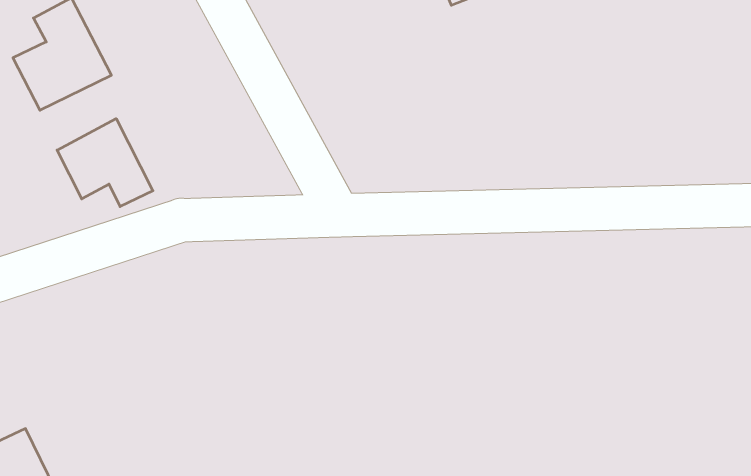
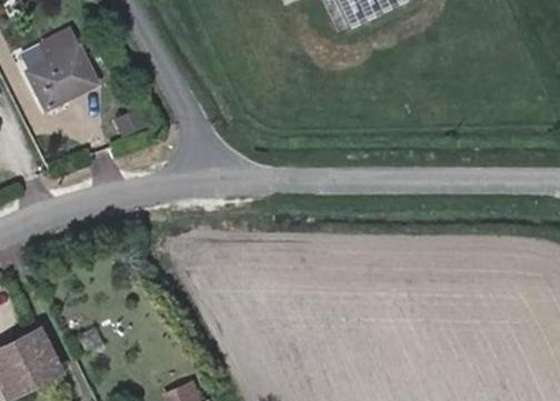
building: [57,119,153,207] -> none

